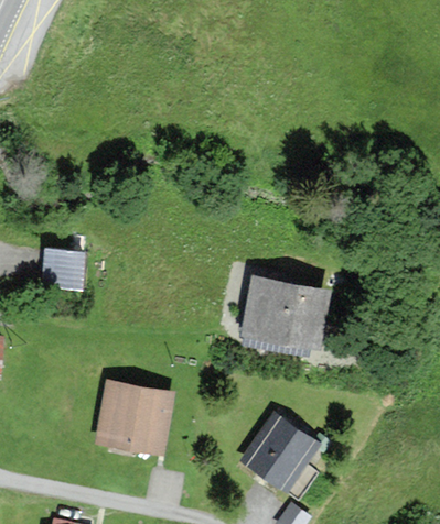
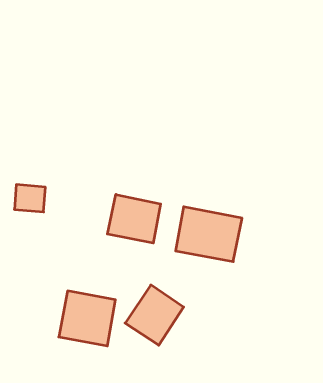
building: none -> [107,194,161,243]
building: [244,416,316,491] -> [125,285,184,345]

